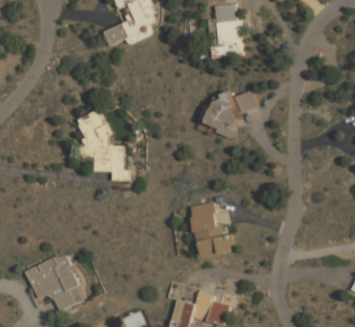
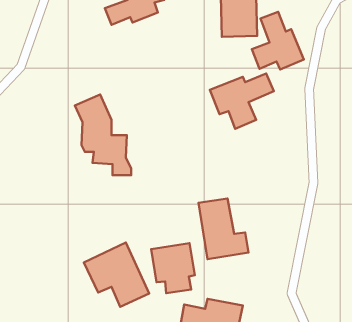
building: none -> [252,12,304,69]
building: none -> [151,243,195,293]
building: [25,253,84,311] -> [84,243,149,307]

